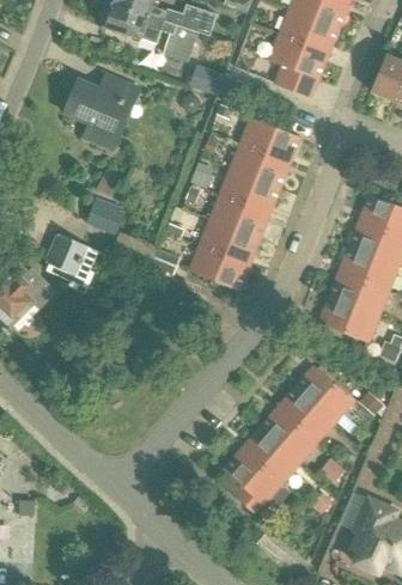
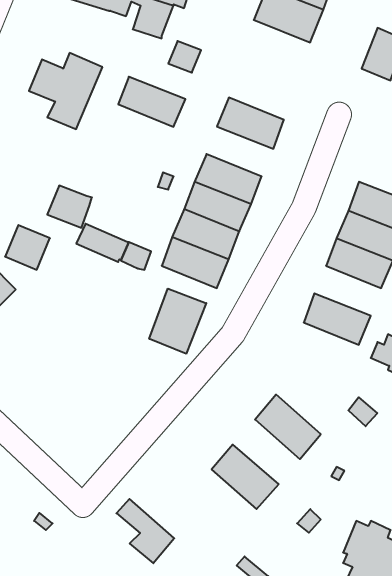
building: [268,47,324,98] -> none
building: [230,144,291,189] -> [118,77,185,127]
building: [328,270,389,316] -> none
building: none -> [149,289,206,354]
building: [293,365,354,423] -> none
building: [254,410,315,469] -> none
building: [223,456,275,514] -> [116,499,174,563]

